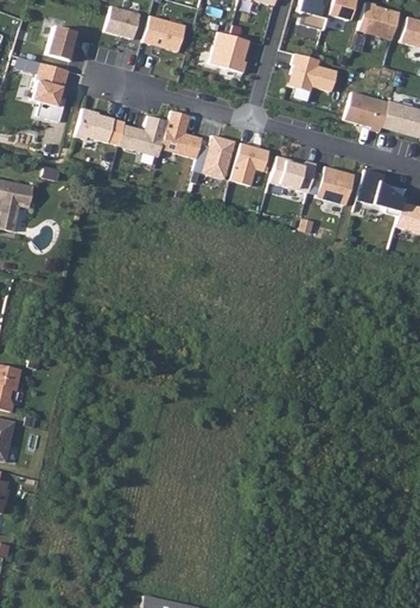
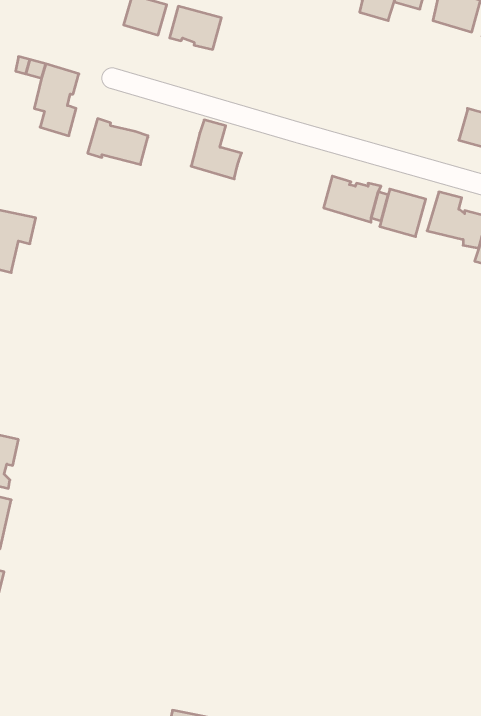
building: [46,26,76,61] -> none
building: [210,31,250,72] -> none
building: [292,51,338,90] -> none
building: [345,91,389,132] -> none
building: [120,114,168,156] -> none
building: [193,134,235,178] -> none
building: [231,142,271,185] -> none

